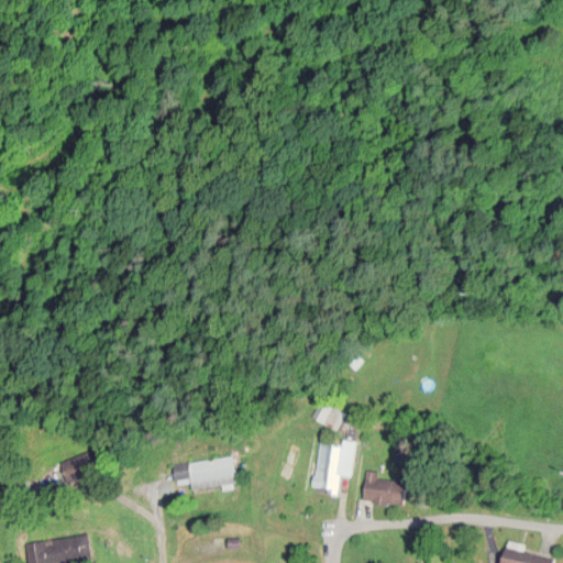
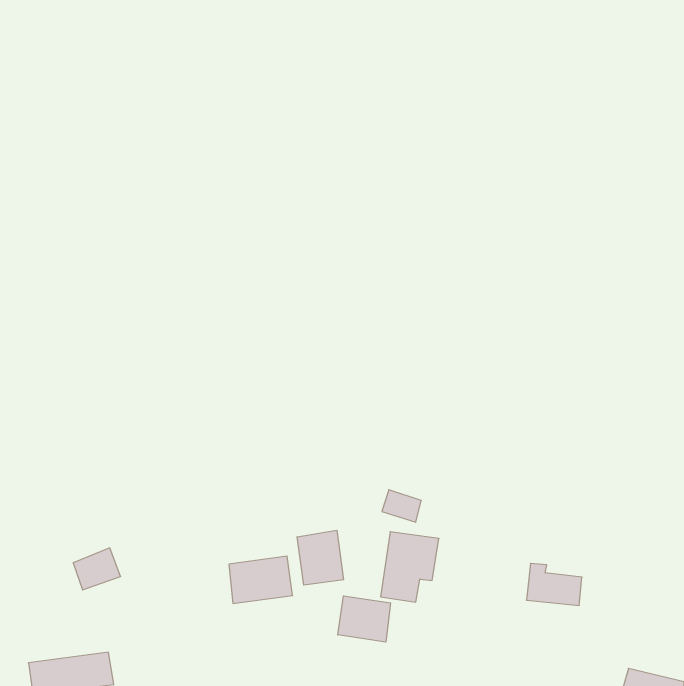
building: none -> [297,530,344,585]
building: [362,472,407,506] -> [526,563,582,605]
building: none -> [338,596,391,642]

